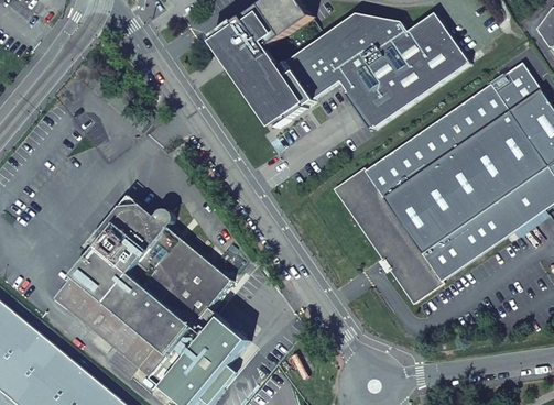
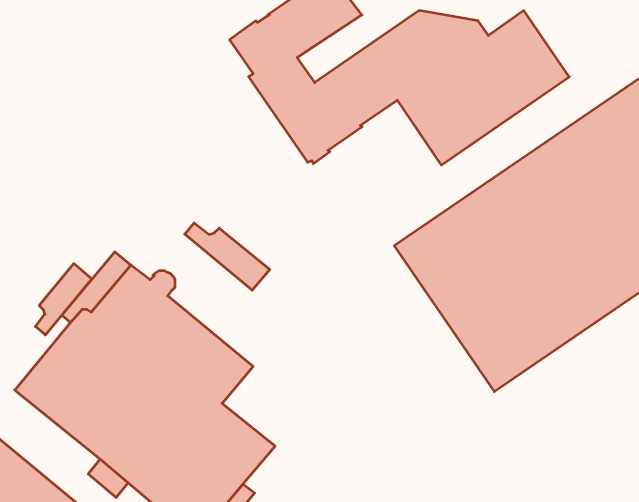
building: none -> [185,223,270,290]
building: none -> [35,264,92,335]

